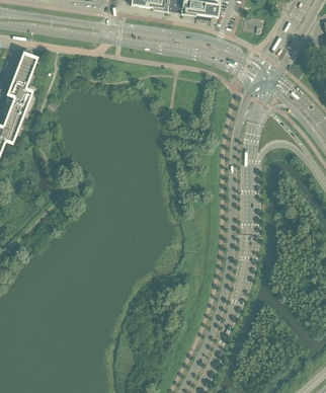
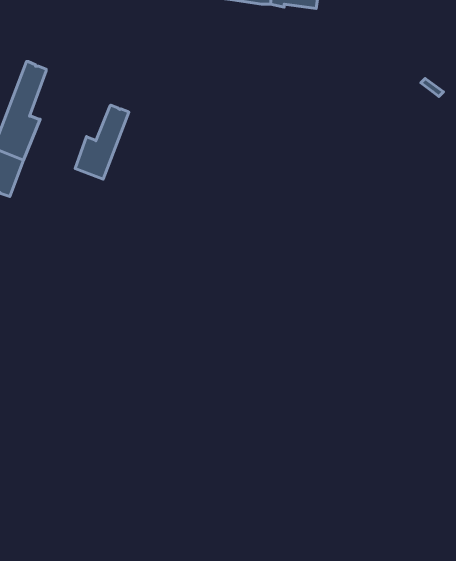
building: none -> [75,105,129,179]

